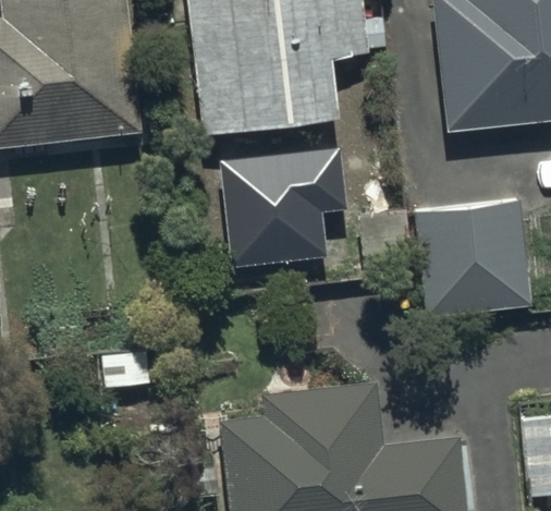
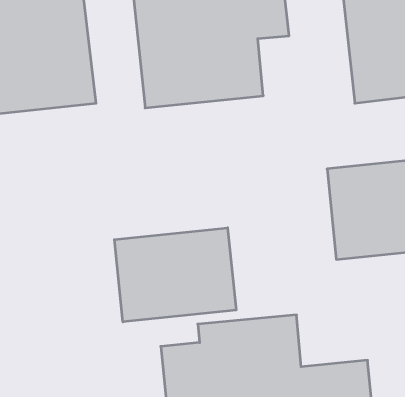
building: [220,144,344,260] -> none
building: none -> [114,228,236,322]

